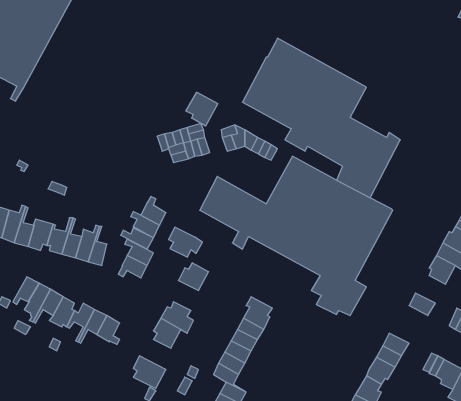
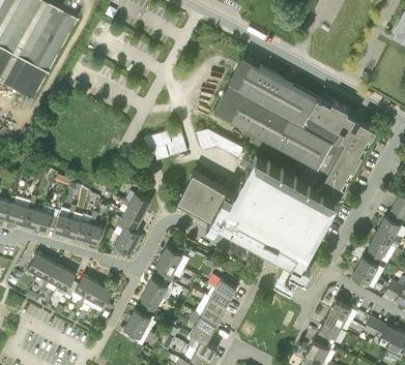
building: none -> [303,96,377,199]
building: [186,92,218,126] -> none
building: [169,227,202,257] -> [156,257,184,282]
building: none -> [357,253,384,279]
building: none -> [129,306,156,332]

